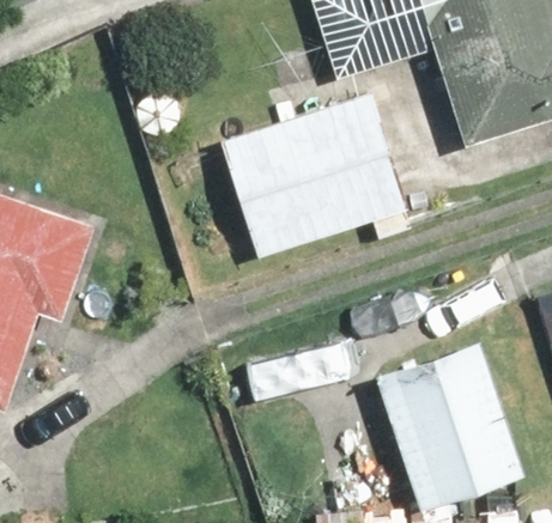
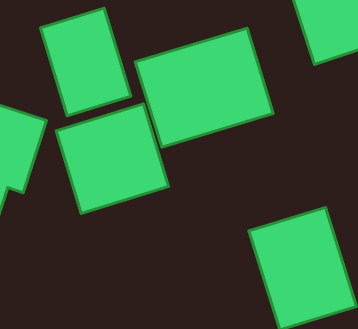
building: none -> [41,8,131,116]
building: none -> [56,104,169,213]

